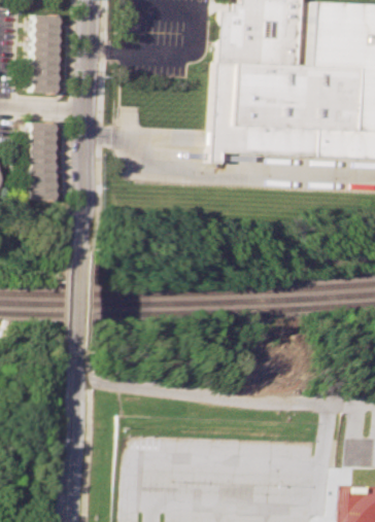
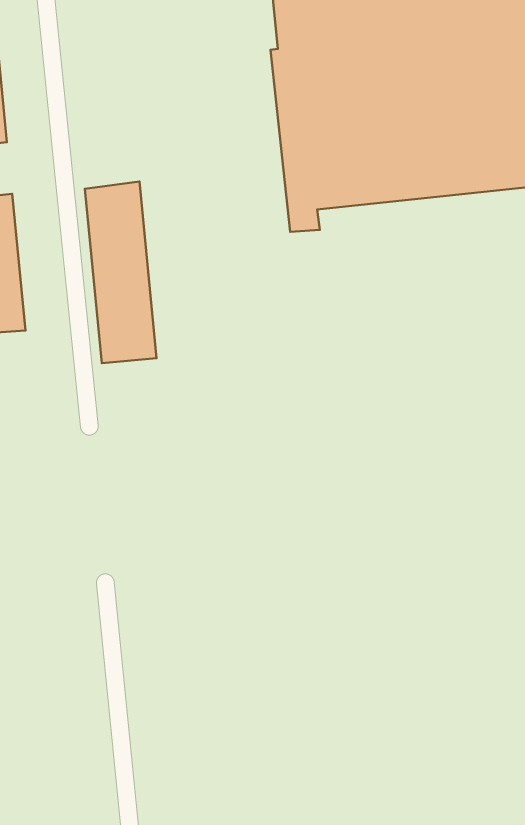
building: none -> [85,182,157,363]

